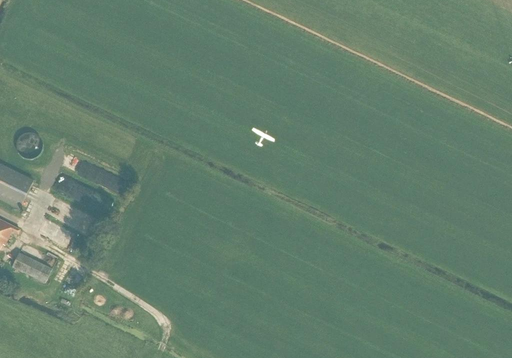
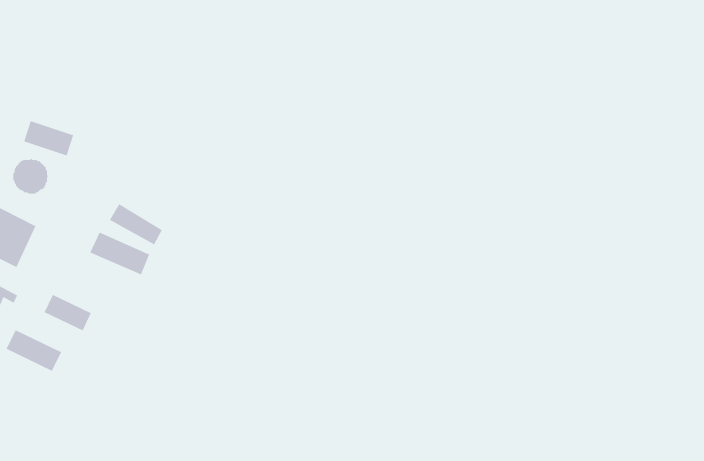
building: none -> [23,120,74,157]
building: none -> [44,294,92,331]

